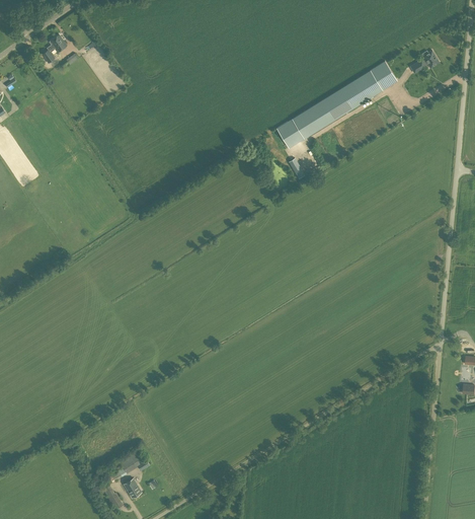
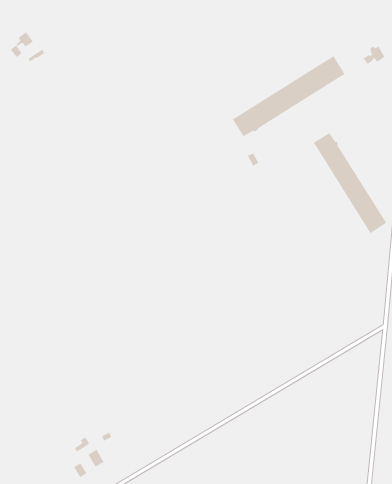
building: none -> [313,132,387,234]

